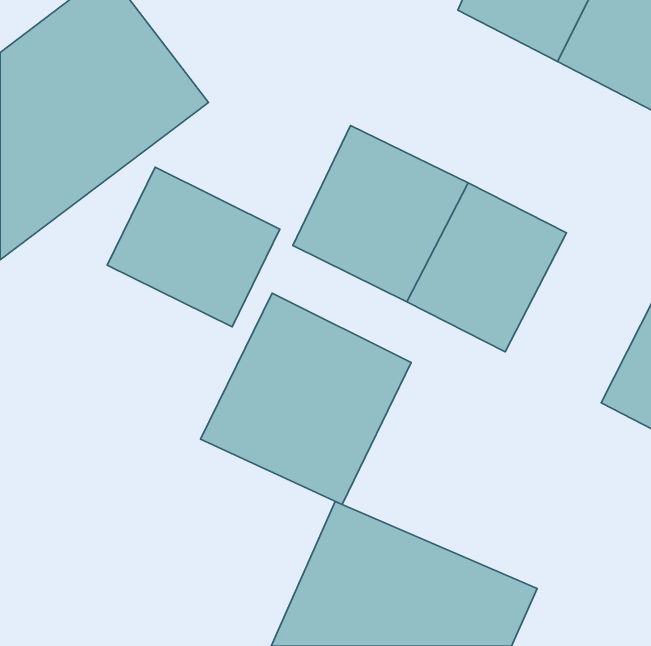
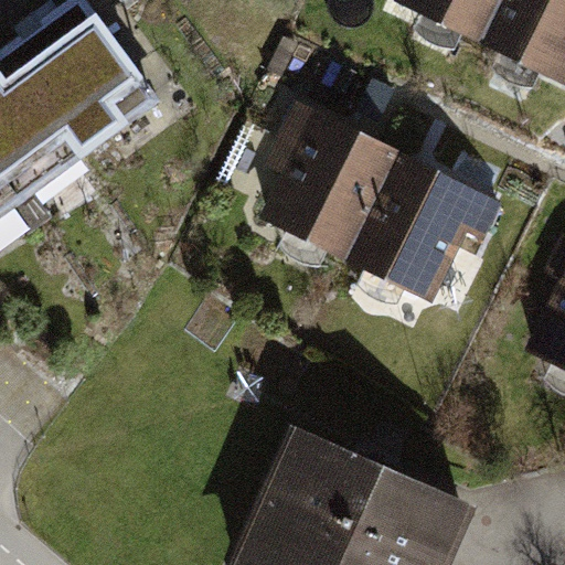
building: [107,167,280,327] -> none
building: [201,293,411,505] -> none

